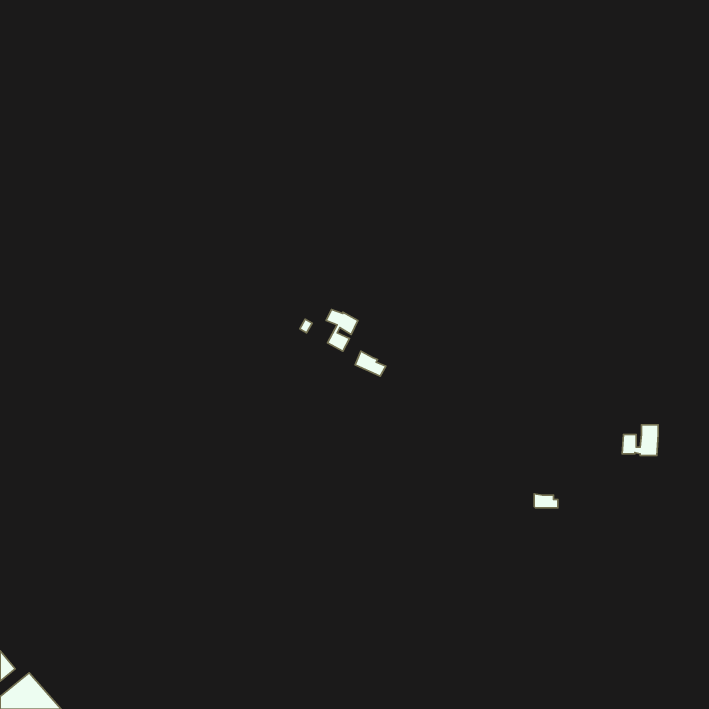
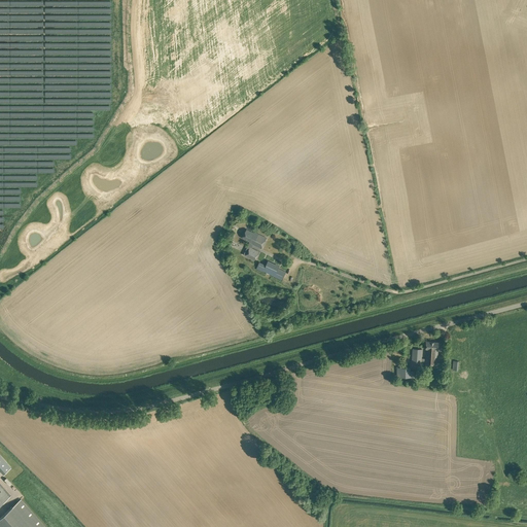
building: [622,425,658,455] -> [412,342,438,364]

